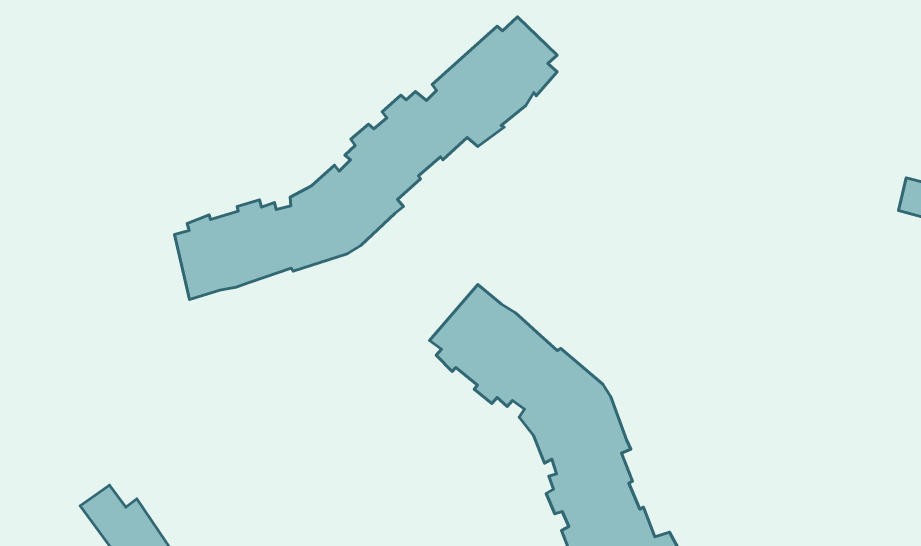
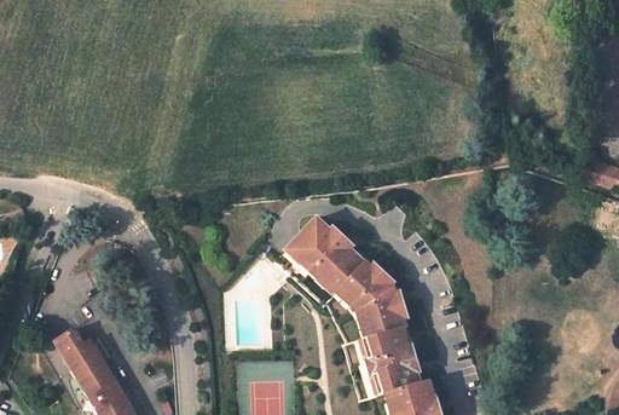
building: [174,17,557,299] -> none

